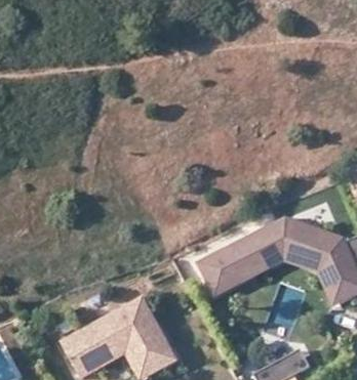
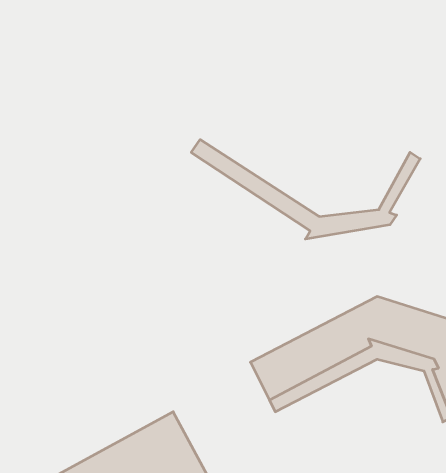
building: none -> [191,140,420,239]

